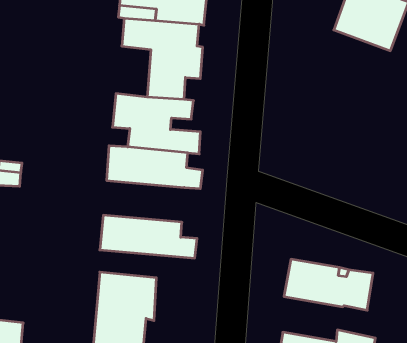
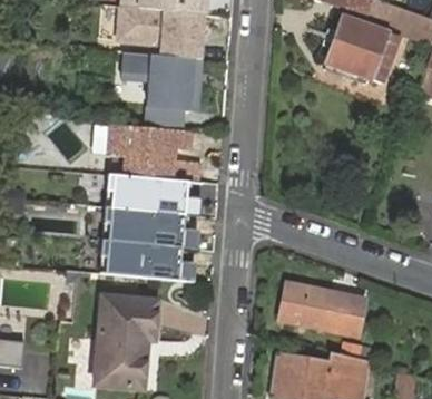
building: none -> [105,207,197,249]

